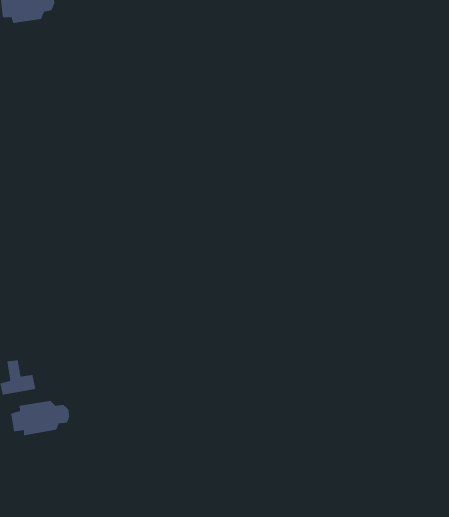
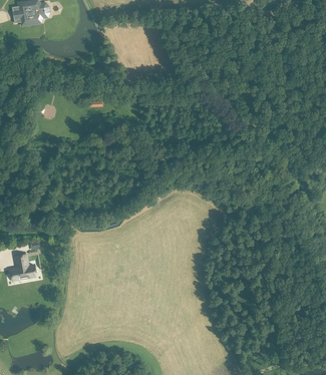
building: [10,400,70,436] -> none

